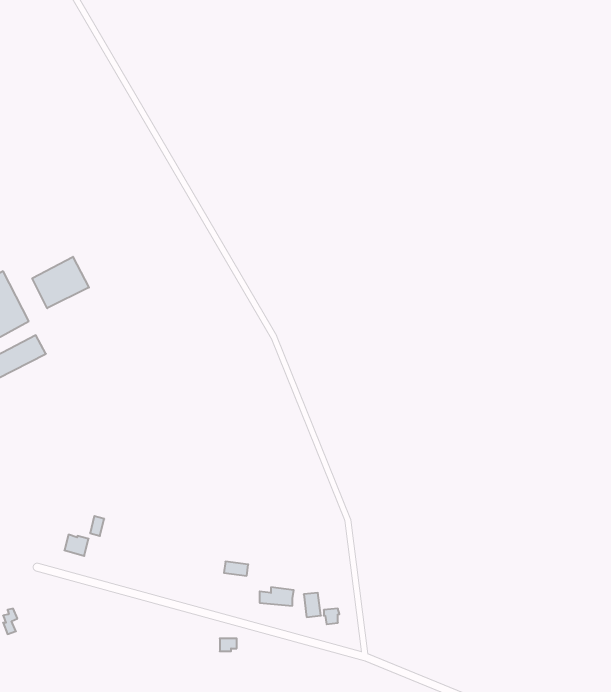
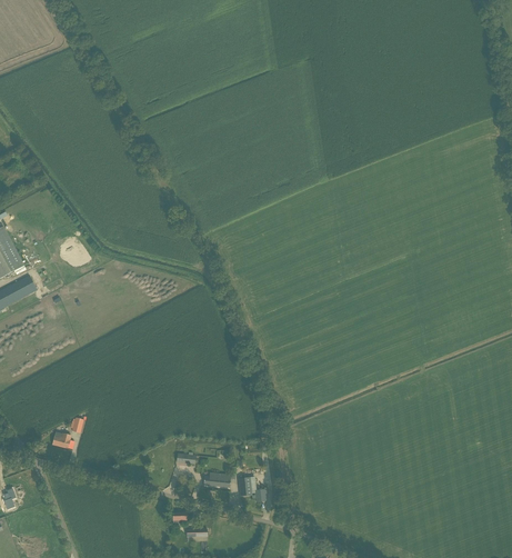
building: [32,257,89,308] -> none

